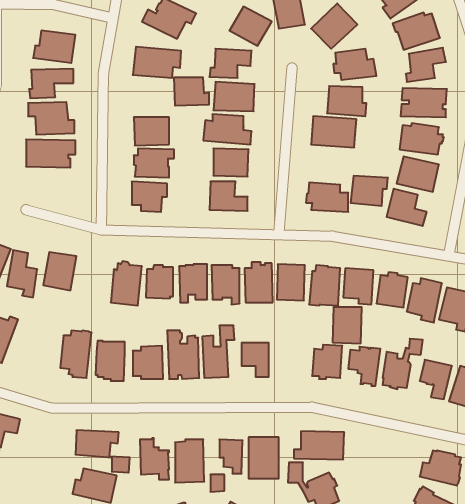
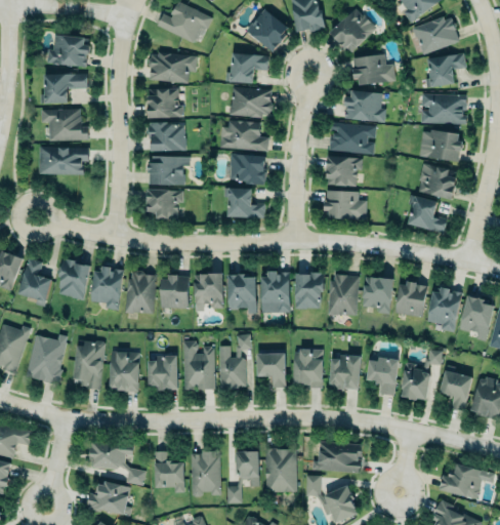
building: [174,77,209,106] -> [148,89,183,118]
building: [351,176,388,206] -> [325,156,363,187]
building: none -> [90,266,124,310]
building: [333,307,362,343] -> [293,350,323,387]
building: none -> [26,333,68,385]

